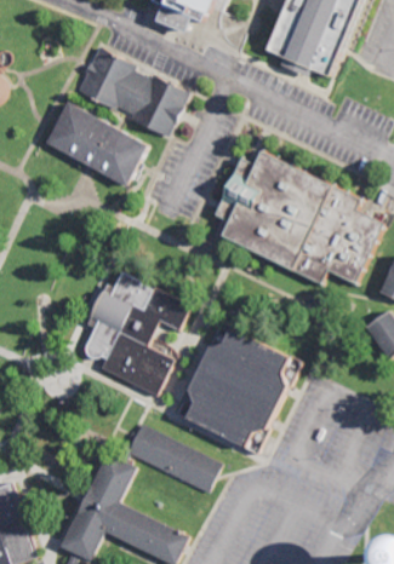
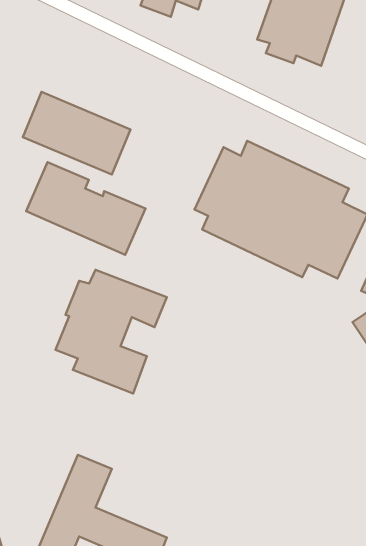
building: [72,45,187,134] -> [26,162,145,255]
building: [171,324,298,451] -> none
building: [120,424,218,493] -> none

